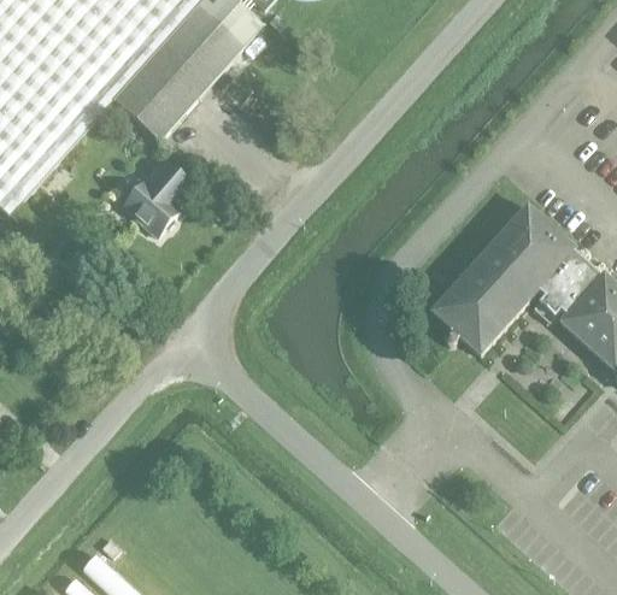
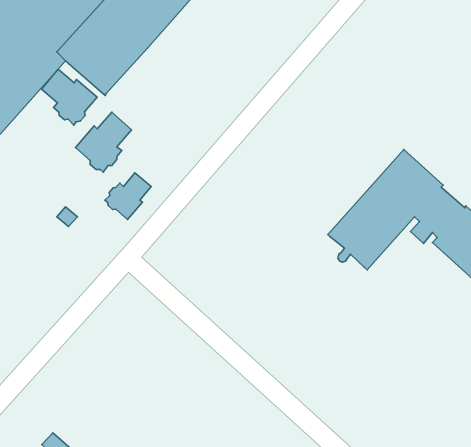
building: none -> [42,69,97,125]
building: none -> [105,173,151,219]

